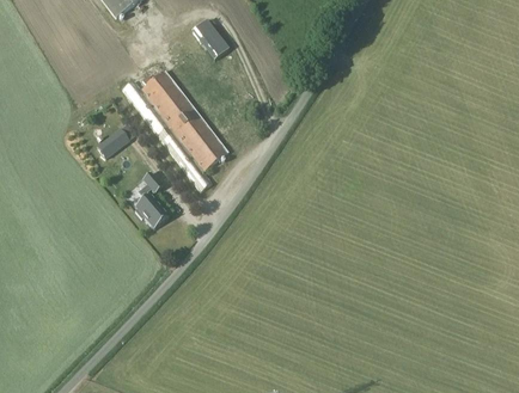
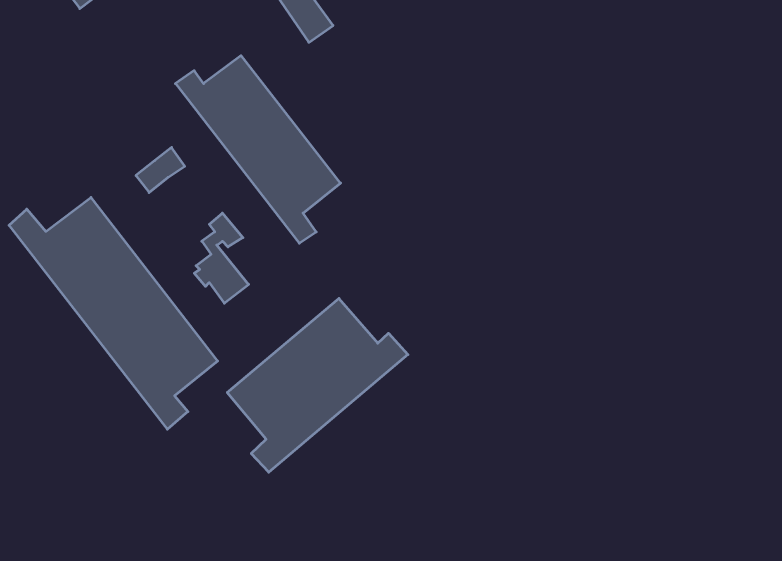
building: none -> [9,197,218,429]
building: none -> [227,298,408,472]

